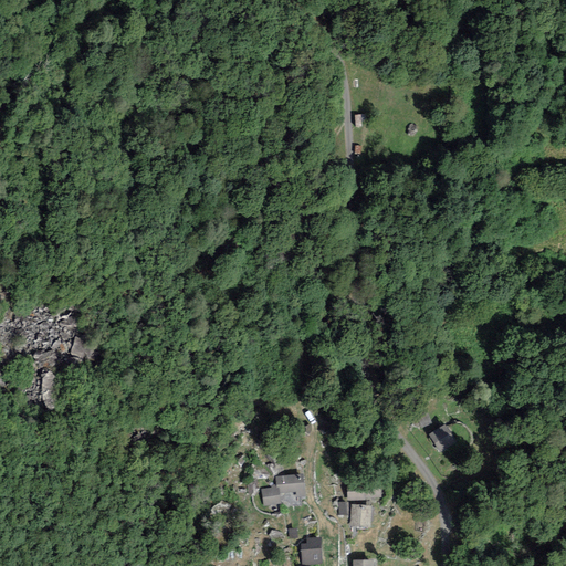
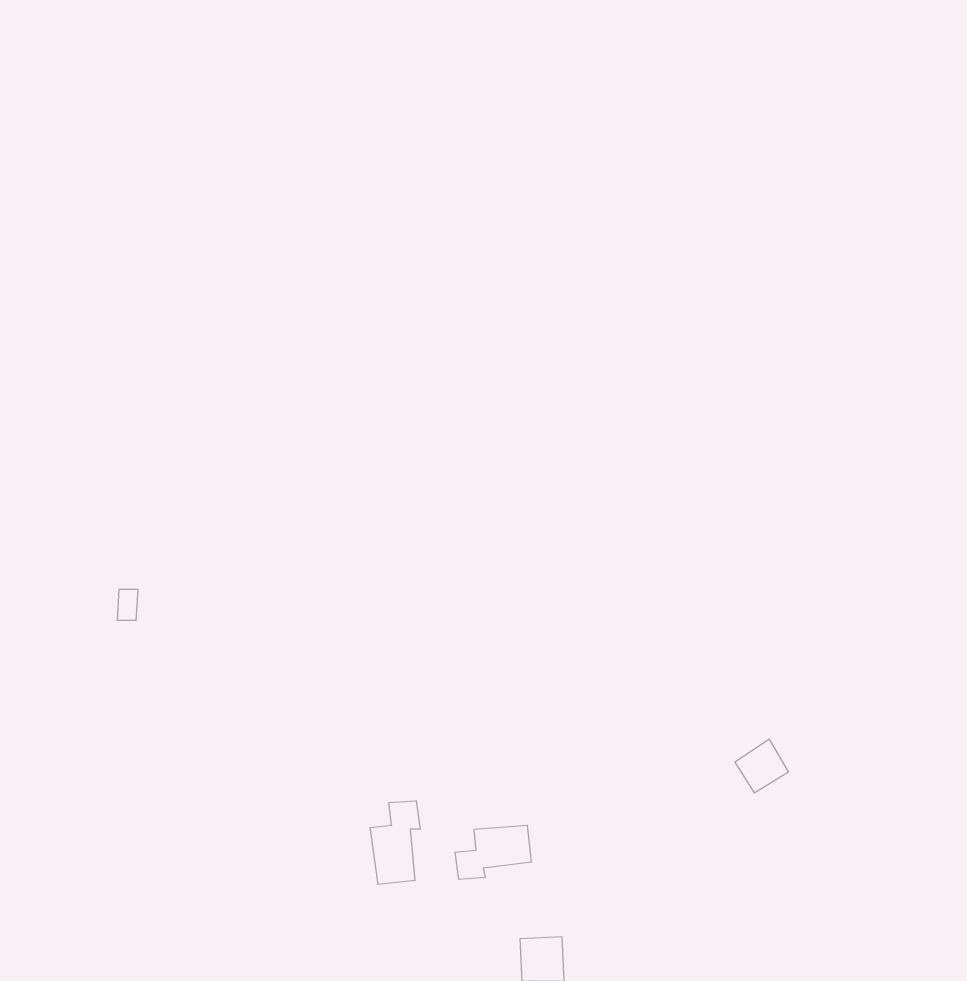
building: none -> [370,801,420,884]
building: [344,504,366,526] -> none

